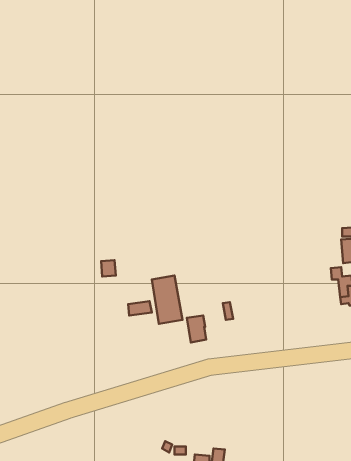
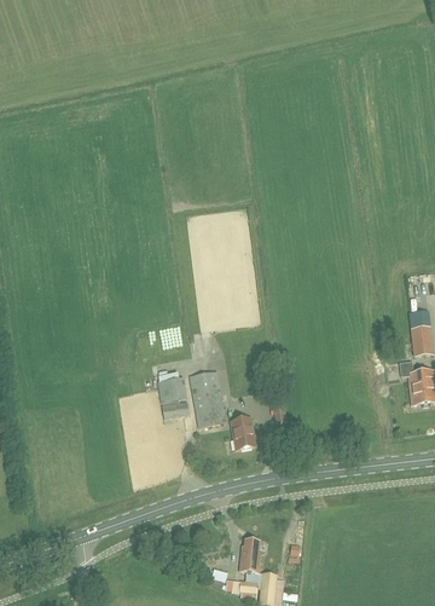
building: none -> [158,376,187,402]
building: none -> [239,537,261,571]

